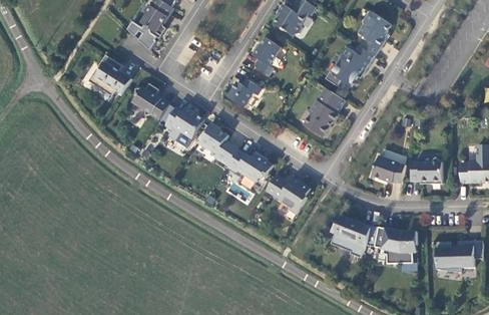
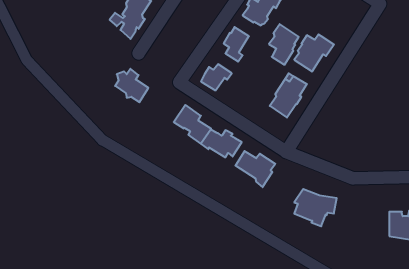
building: [358,10,391,55] -> [269,24,299,65]
building: [88,54,132,95] -> none
building: [160,103,203,146] -> none
building: [372,155,405,183] -> none
building: [410,156,442,183] -> none
building: [374,226,416,263] -> none

